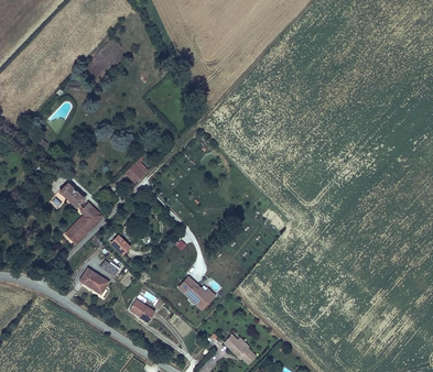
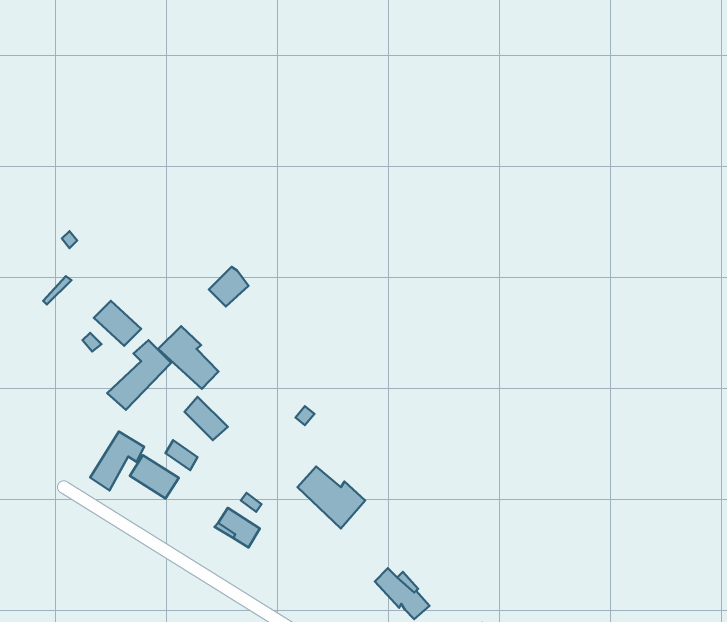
building: none -> [158,326,219,389]
building: none -> [90,432,144,490]

